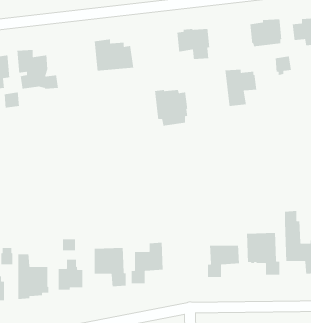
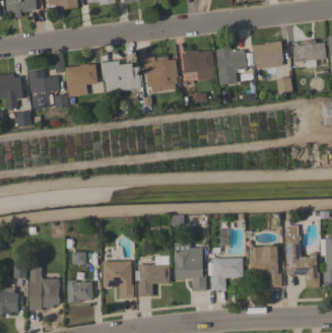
building: none -> [65,63,97,86]
building: [224,69,257,107] -> [215,48,247,84]
building: [154,89,188,126] -> [144,57,177,92]
building: none -> [174,242,206,290]

